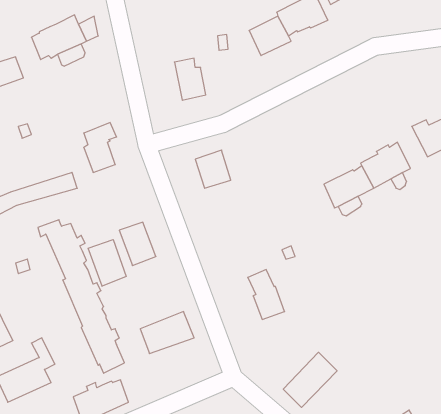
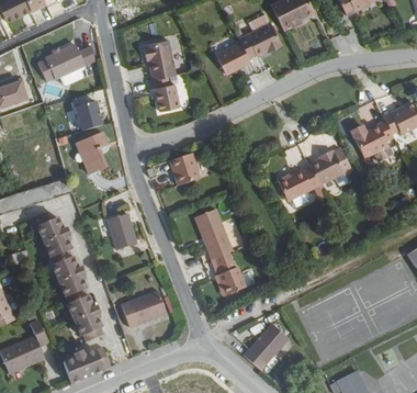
building: none -> [143,41,174,80]
building: none -> [77,99,104,128]
building: none -> [194,211,233,261]
building: [88,240,126,286] -> none

